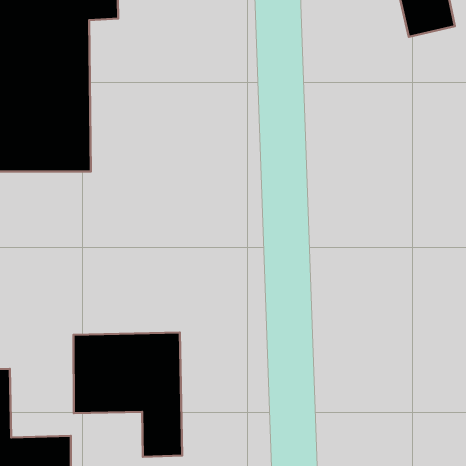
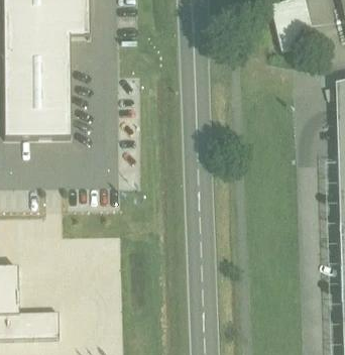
building: [74,333,182,457] -> none

